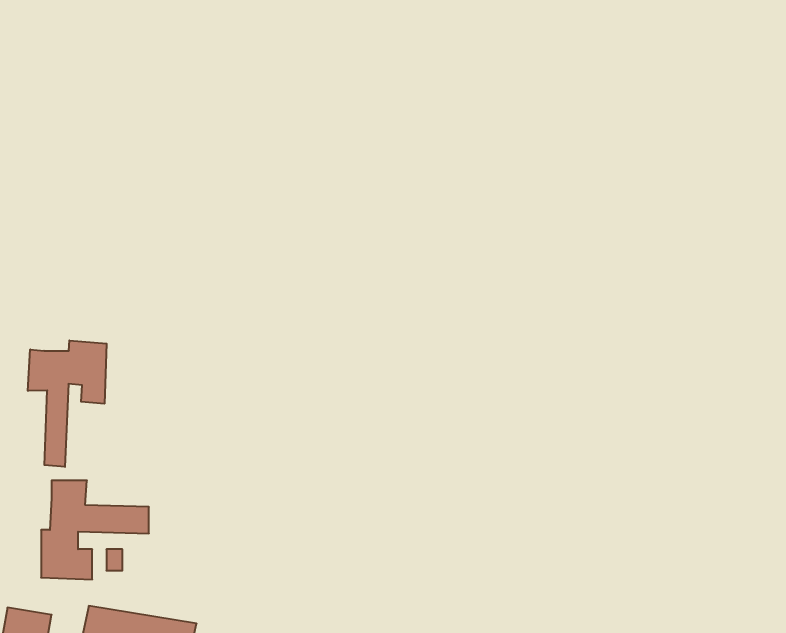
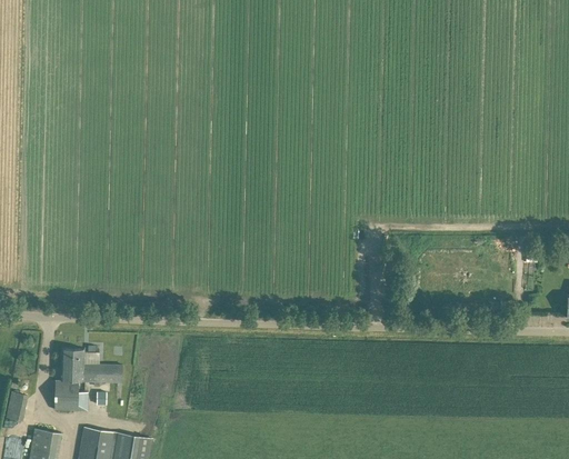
building: [28,340,107,467] -> none

